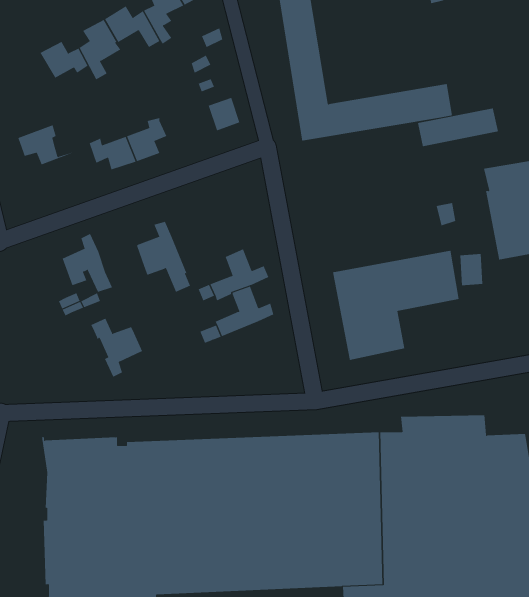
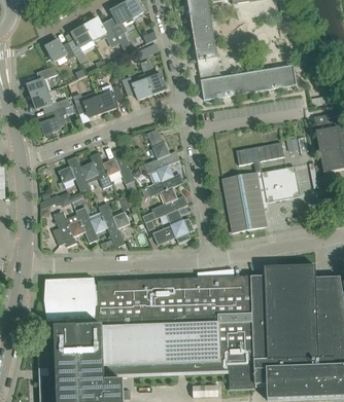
building: none -> [27,66,58,98]
building: none -> [122,73,151,100]
building: [417,108,499,147] -> [234,141,283,165]
building: none -> [39,104,75,137]
building: none -> [143,142,179,174]
building: none -> [80,151,110,188]
building: none -> [98,203,129,239]
building: none -> [151,209,193,245]
building: none -> [51,210,85,247]

